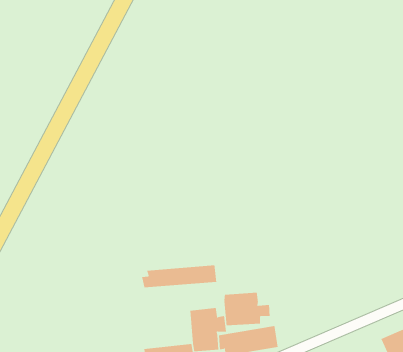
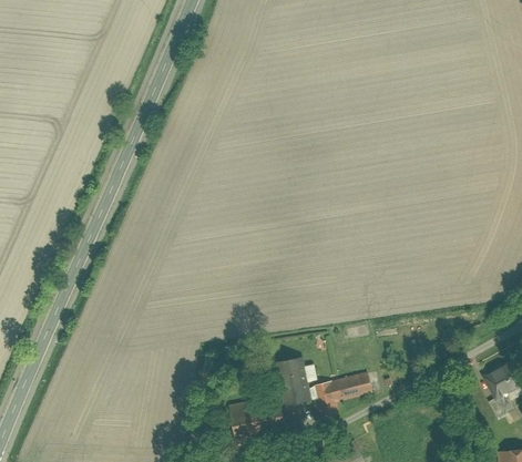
building: [142,265,217,288] -> none
building: [224,292,270,326] -> none

